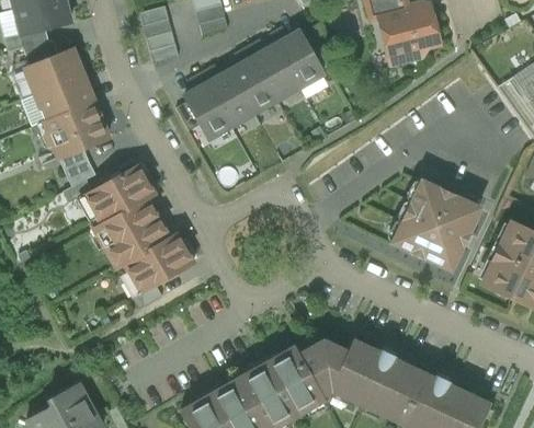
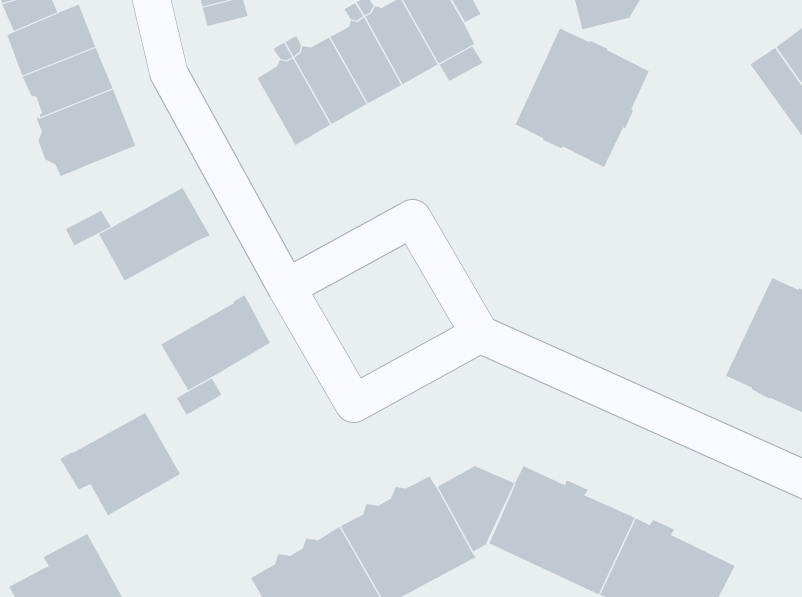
building: [60,148,96,186] -> none
building: [394,181,479,269] -> [515,28,649,168]
building: [93,198,170,264] -> [59,412,180,516]

